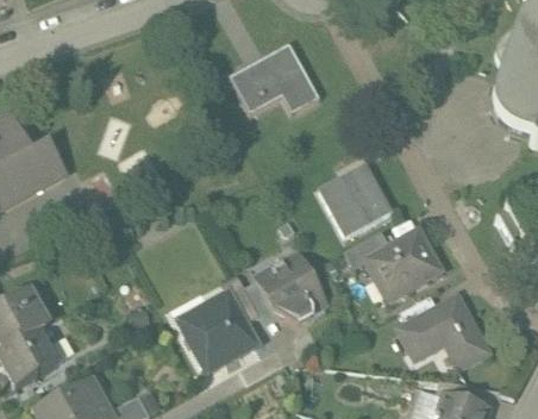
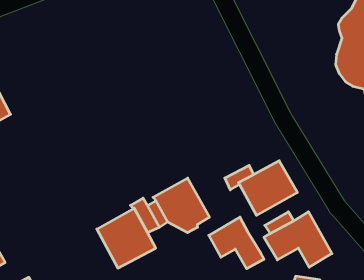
building: [230,40,320,111] -> none
building: [319,161,392,234] -> none
building: none -> [209,217,264,269]

